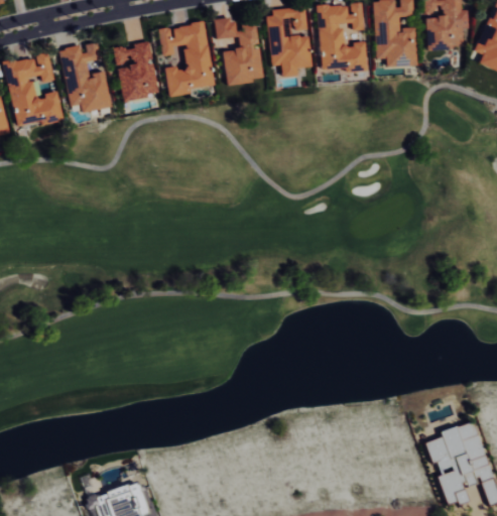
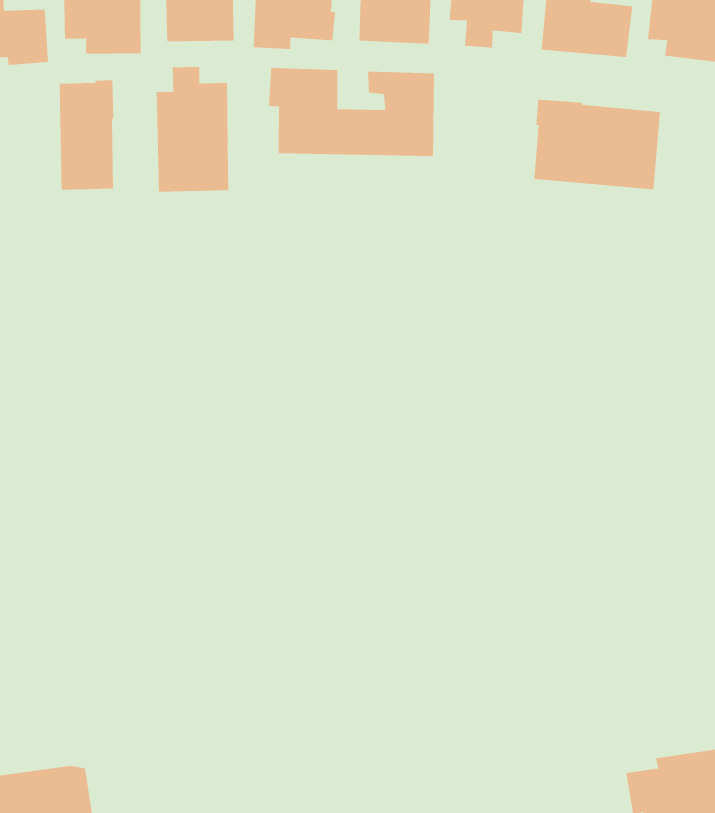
building: none -> [269,67,434,157]
building: none -> [534,99,660,190]
building: none -> [156,66,229,192]
building: none -> [59,80,114,191]

